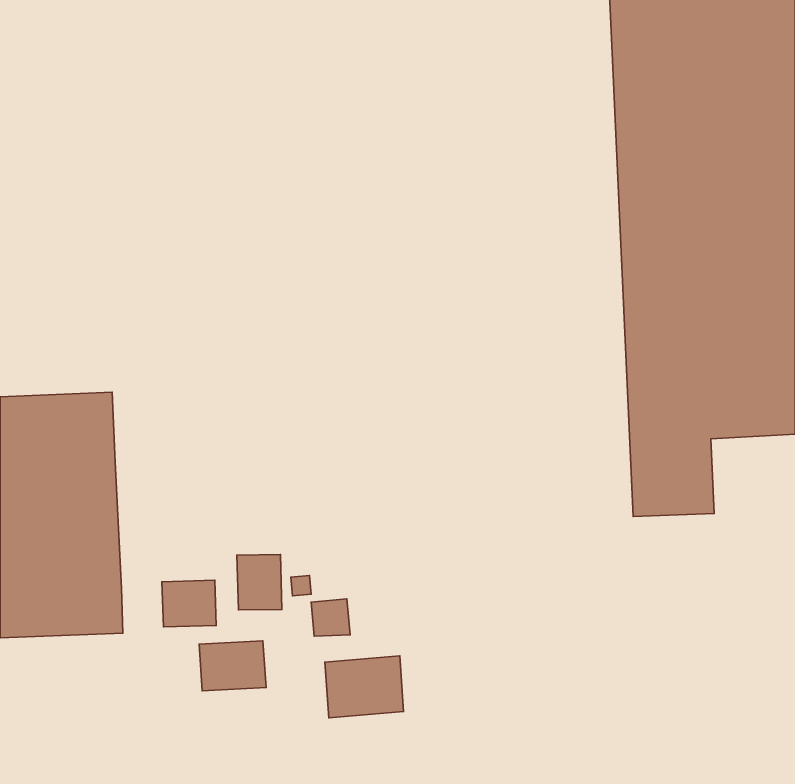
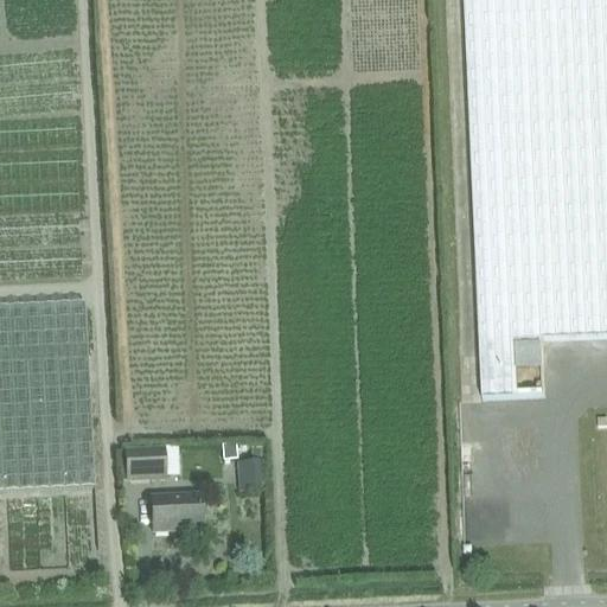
building: [237,555,282,610] -> none
building: [325,656,404,718] -> none

